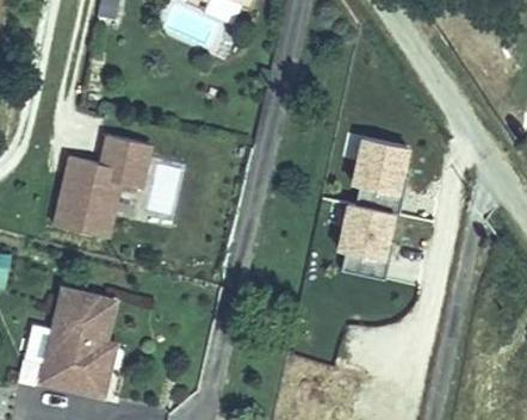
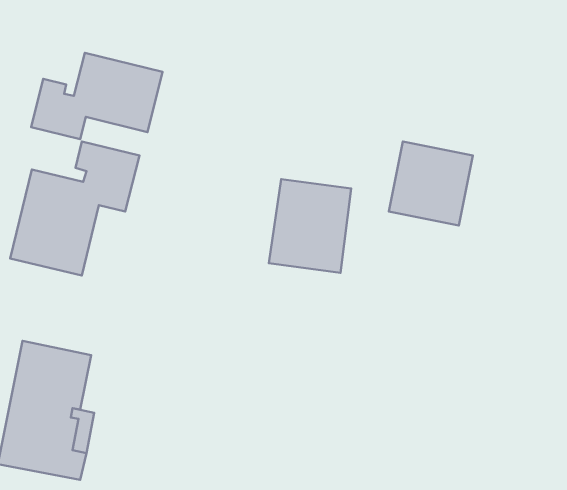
building: none -> [31,53,163,139]
building: [328,203,391,274] -> [269,179,351,273]

